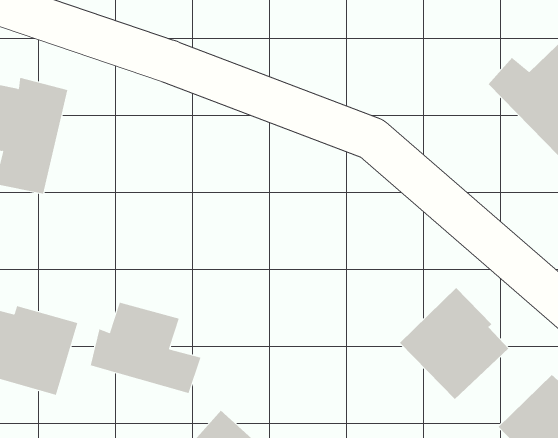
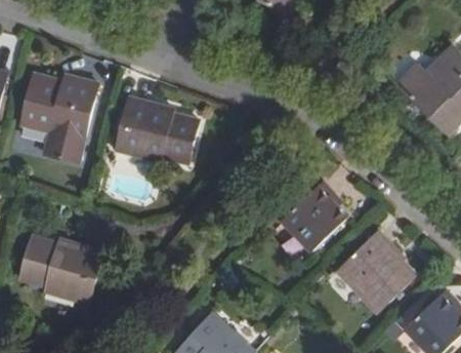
building: none -> [116,99,198,161]
building: none -> [280,178,344,246]
building: [90,302,201,394] -> none

